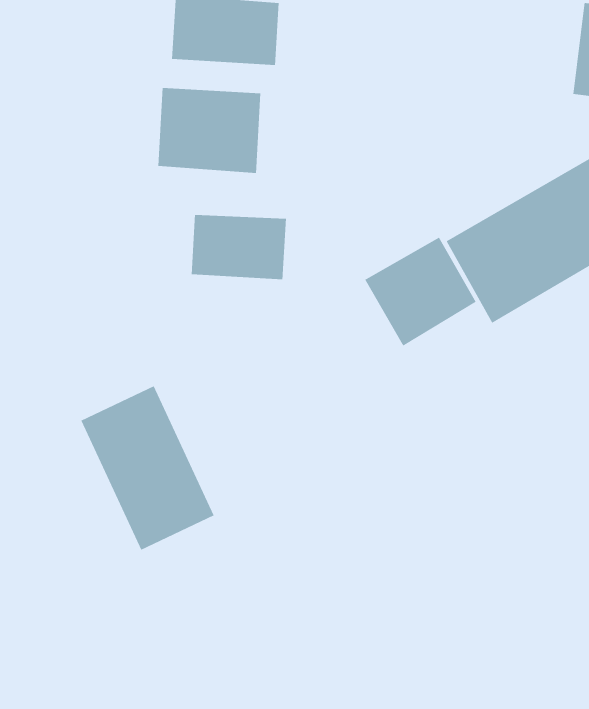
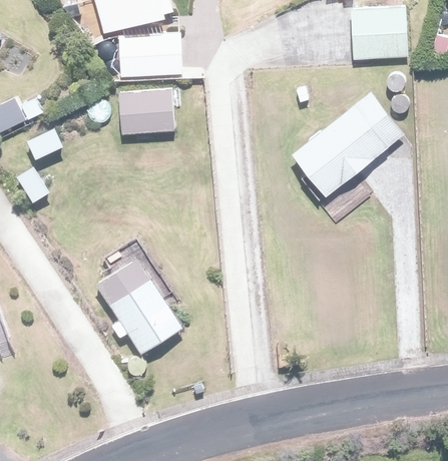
building: [191,214,286,280] -> none
building: [365,237,477,346] -> none

